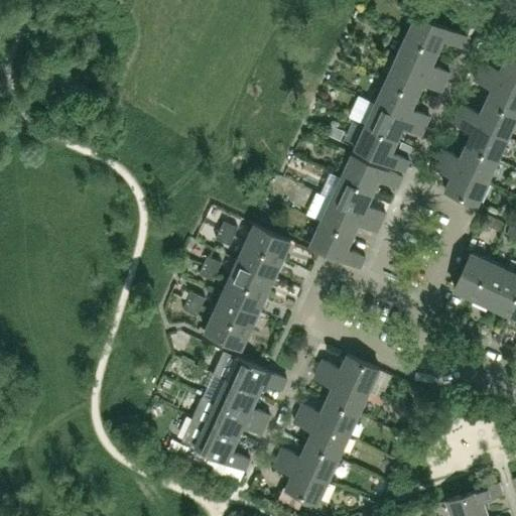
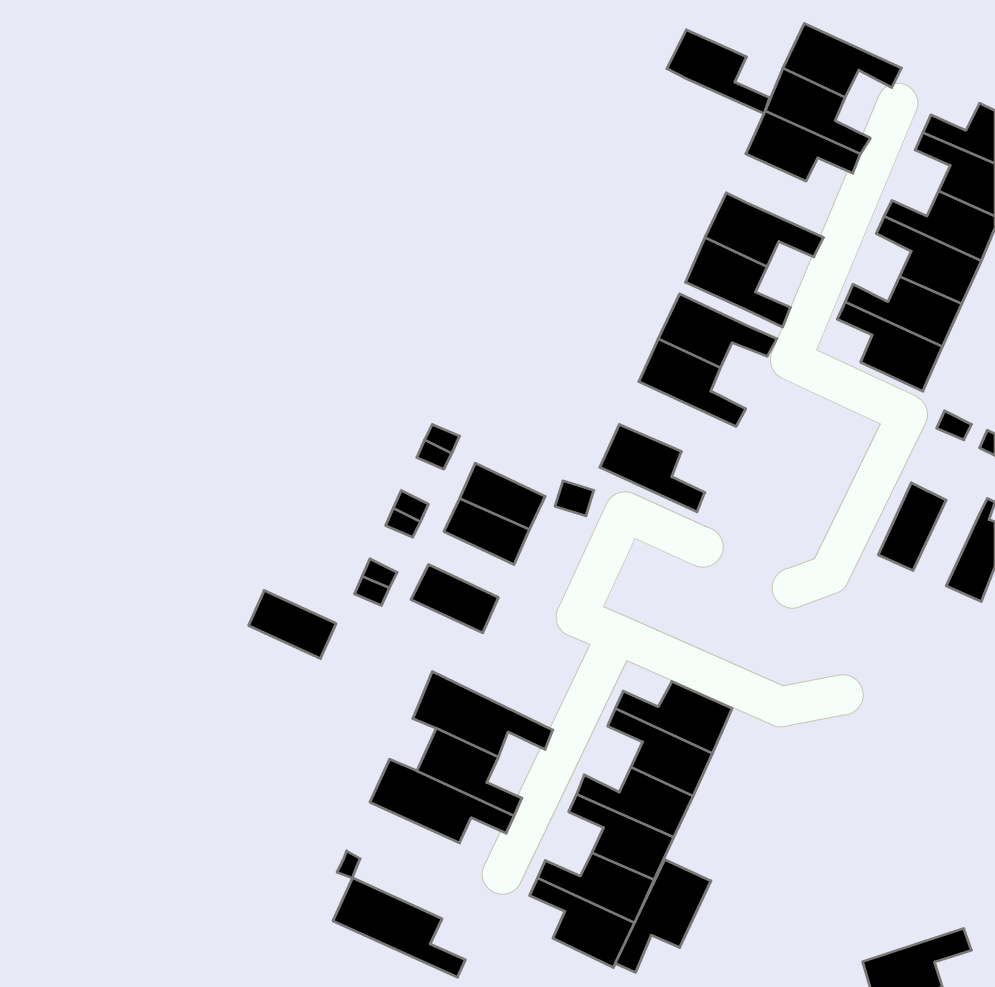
building: [376,84,429,127] -> [667,30,770,113]
building: [320,202,381,238] -> none
building: [246,226,291,261] -> none
building: [473,263,507,307] -> none
building: [222,279,266,313] -> none
building: [205,314,250,350] -> [249,590,336,659]
building: [181,419,250,471] -> [333,878,465,977]
building: none -> [615,860,711,972]

